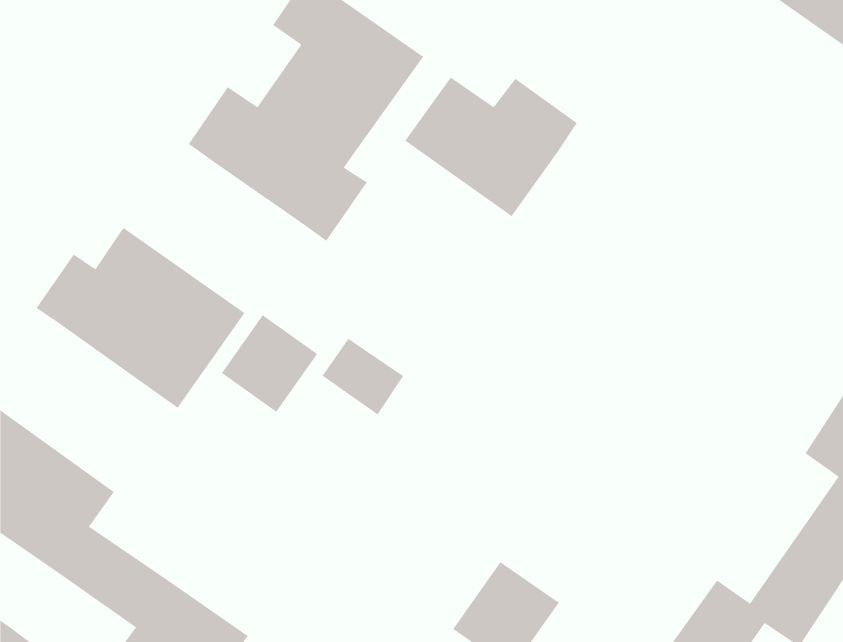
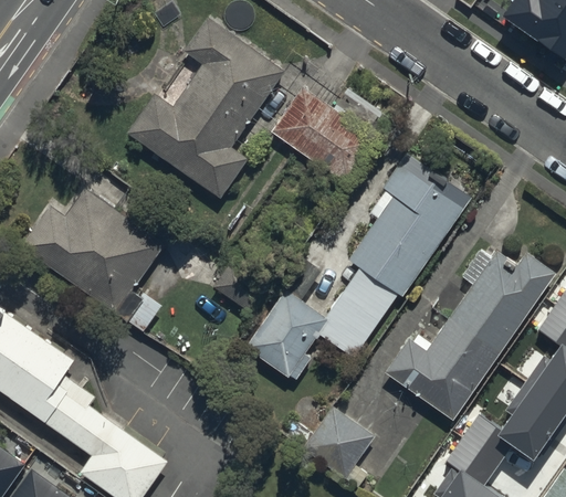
building: none -> [244,150,471,377]
building: [221,314,318,413] -> none
building: none -> [385,248,555,420]

